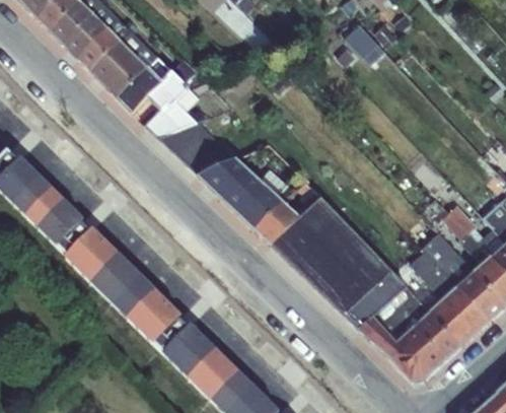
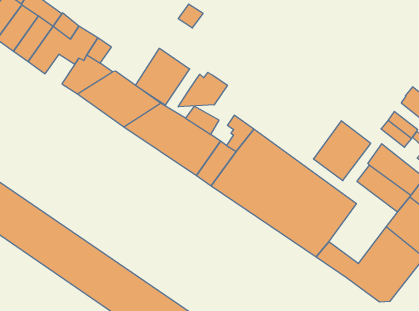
building: none -> [135,48,190,105]
building: none -> [178,72,227,107]
building: [373,285,430,342] -> [313,121,371,181]

